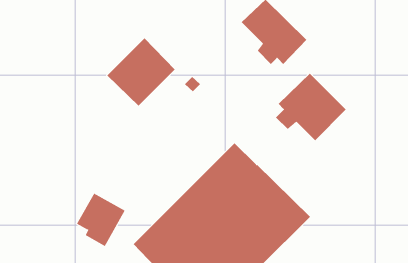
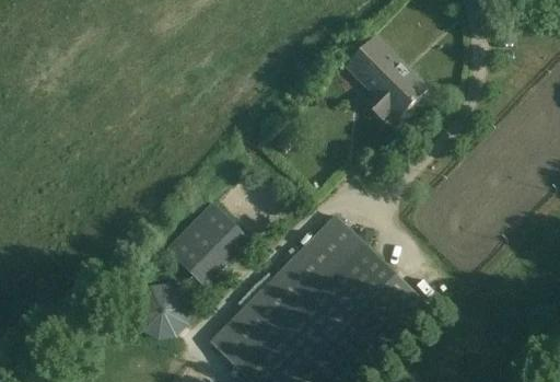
building: [107,38,176,106] -> [163,199,248,285]
building: [275,73,346,141] -> none

